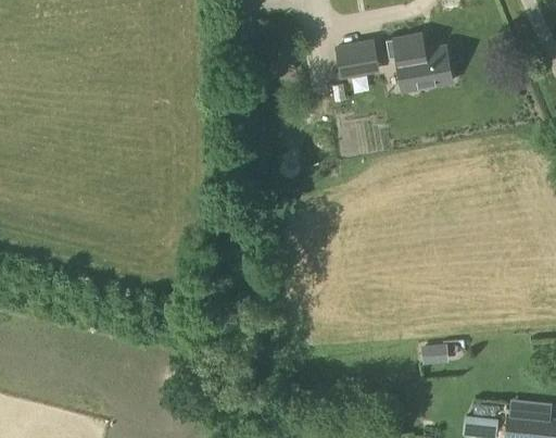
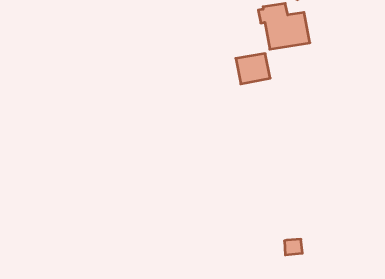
building: [334,38,380,78] -> [236,54,270,84]

